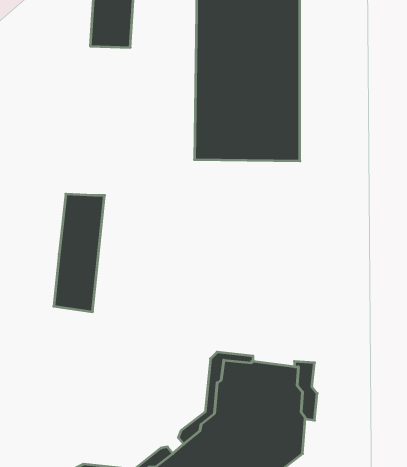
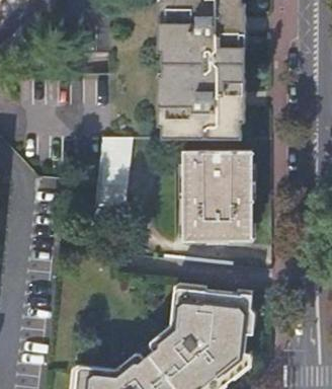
building: none -> [183,151,251,243]
building: [54,194,105,312] -> [93,137,132,226]

